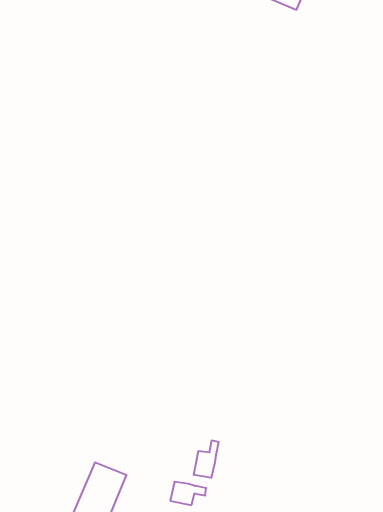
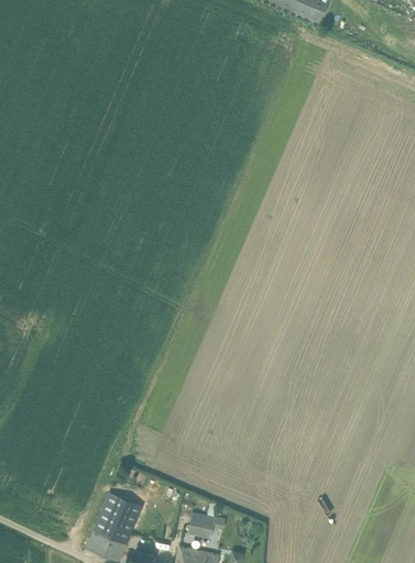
building: [194,440,219,478] -> none

